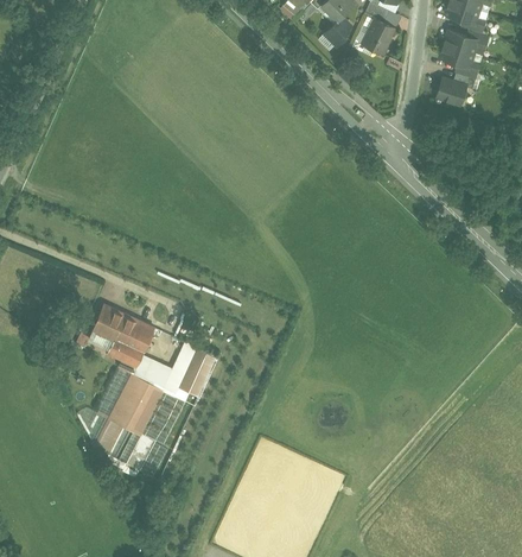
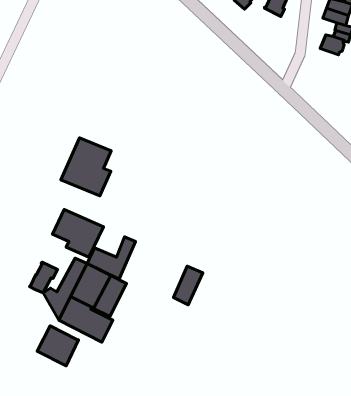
building: none -> [61,138,111,196]
building: [179,346,217,395] -> [174,266,203,305]
building: none -> [30,262,57,293]
building: none -> [37,326,78,366]

